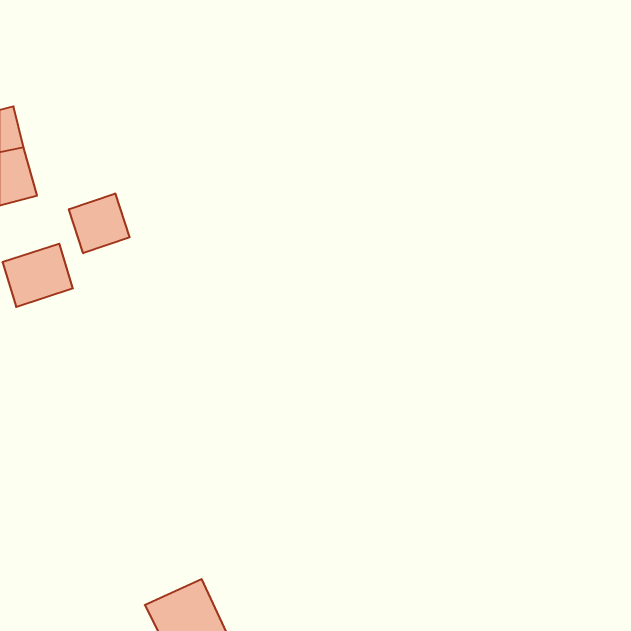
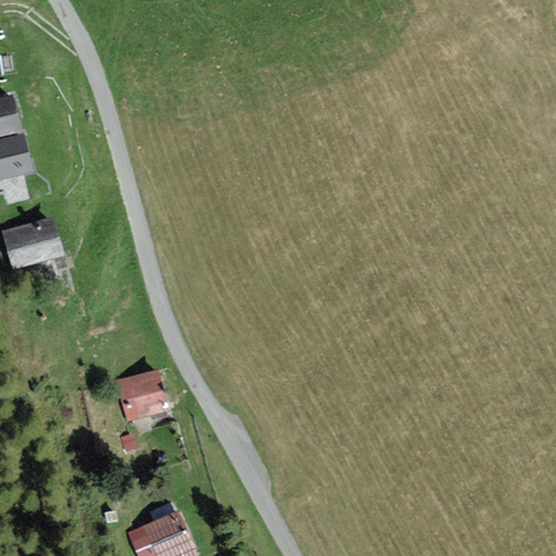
building: [69,193,130,253] -> none
building: none -> [115,369,168,422]

